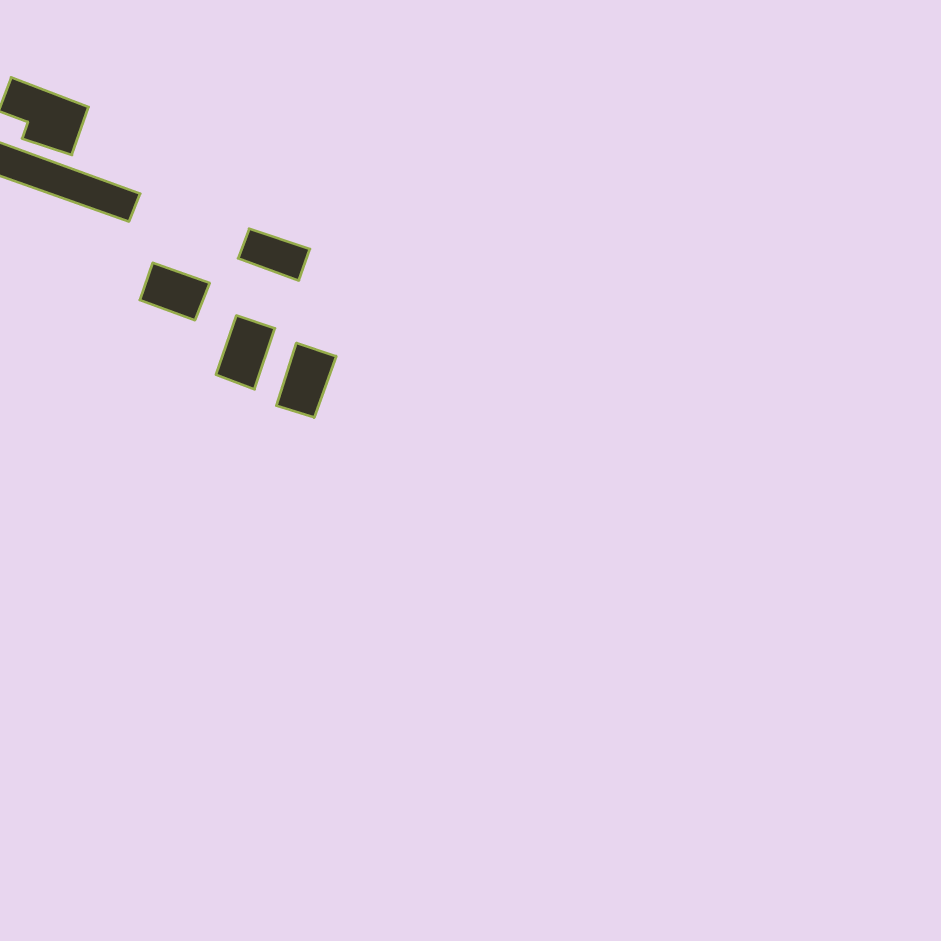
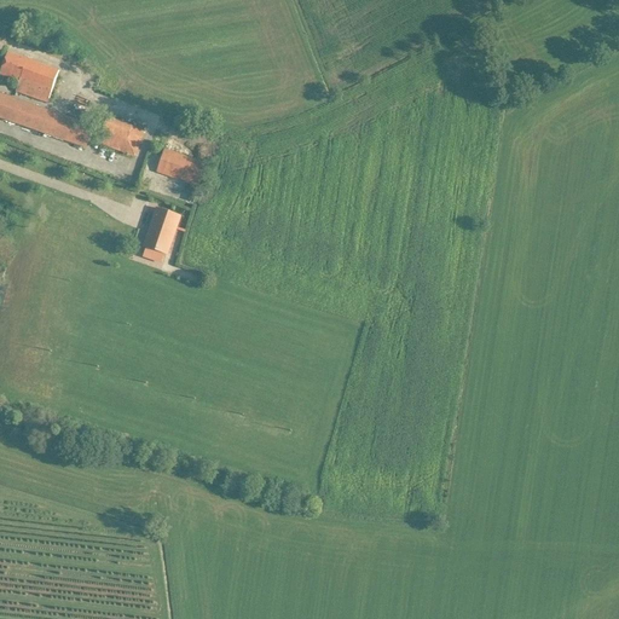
building: [140,263,210,320] -> [97,116,143,154]
building: [276,343,336,418] -> none

